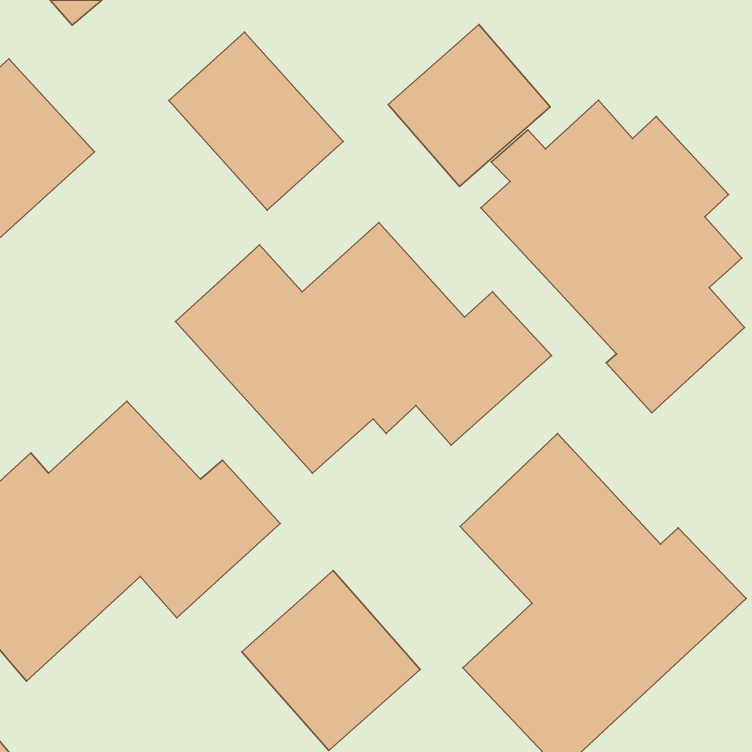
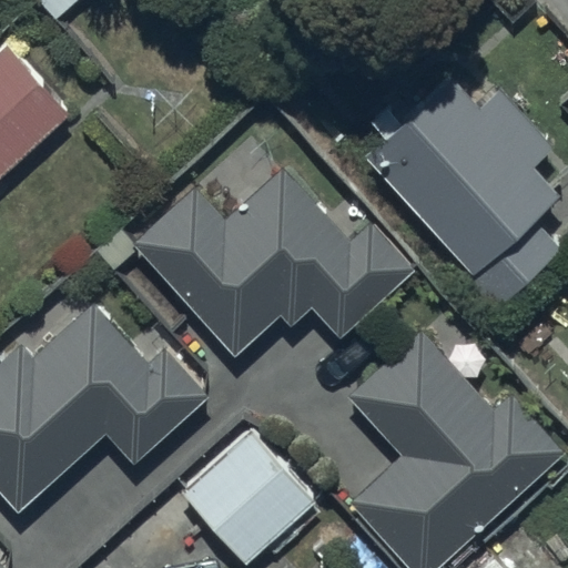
building: [388,25,550,186] -> none
building: [169,32,343,210] -> none

